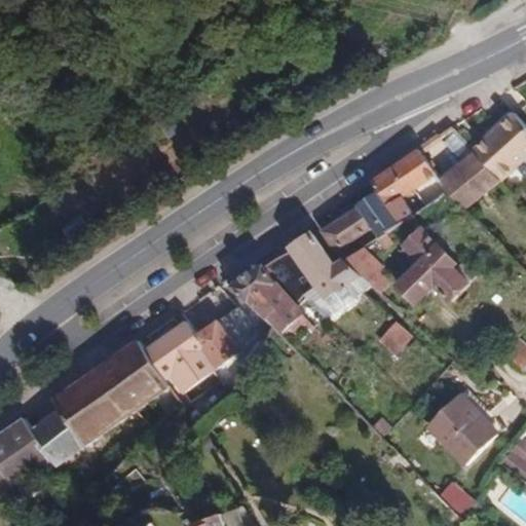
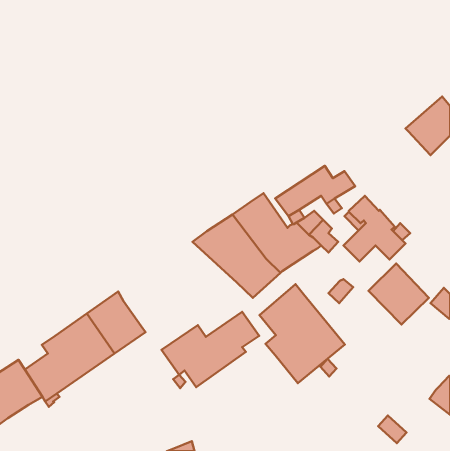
building: [369,148,435,206] -> none
building: [438,152,498,208] -> none
building: [143,305,256,392] -> [162,312,259,387]
building: none -> [259,284,345,383]
building: [426,393,496,464] -> [369,263,429,325]

